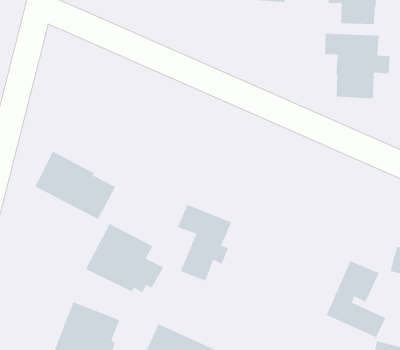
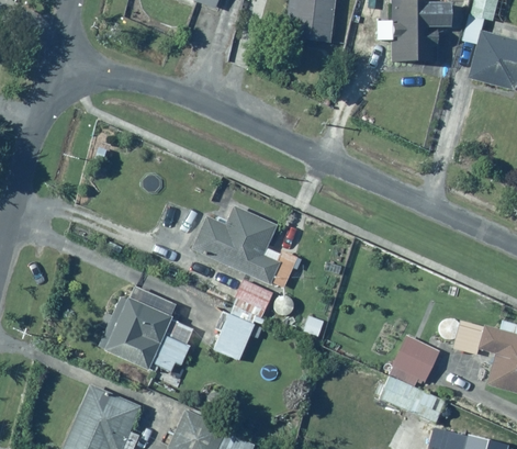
building: [325,33,390,99] -> none
building: none -> [189,198,296,287]
building: [35,151,116,220] -> none

